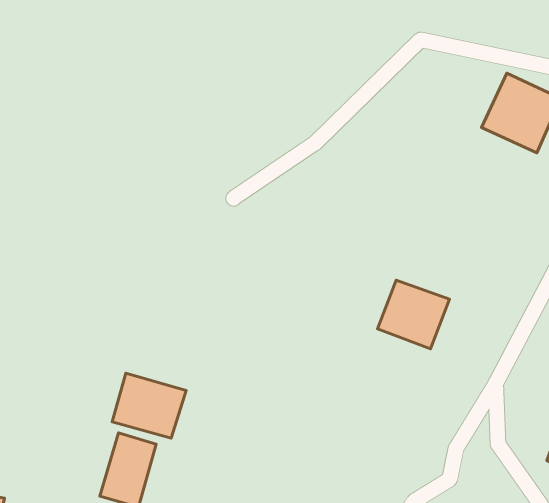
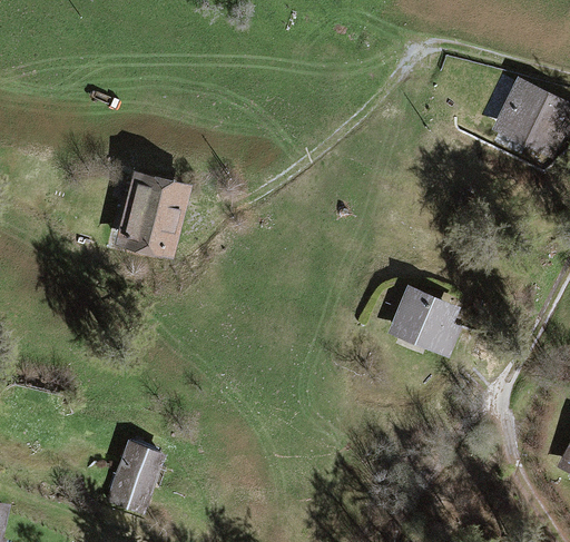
building: none -> [116,169,191,256]
building: [112,373,186,438] -> none

